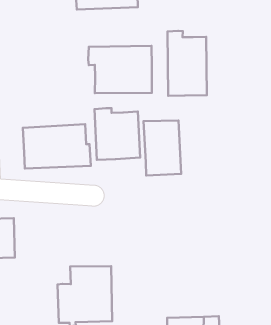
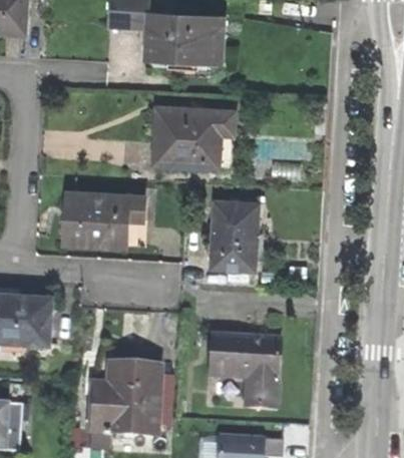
building: [168,31,207,96] -> none
building: [95,108,140,160] -> none
building: none -> [209,336,281,410]

